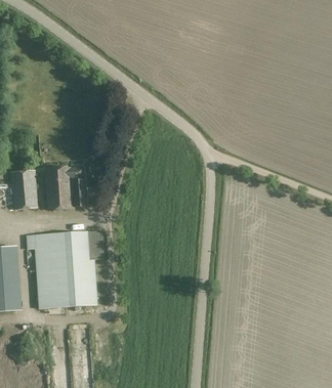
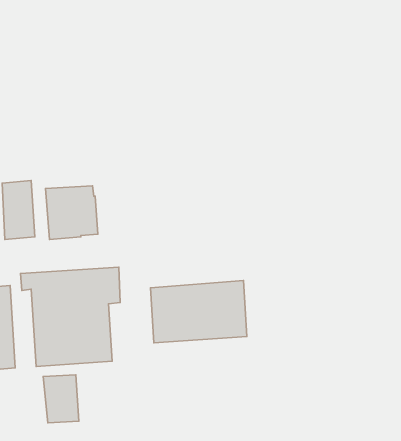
building: none -> [151,280,247,343]
building: none -> [43,375,79,423]

